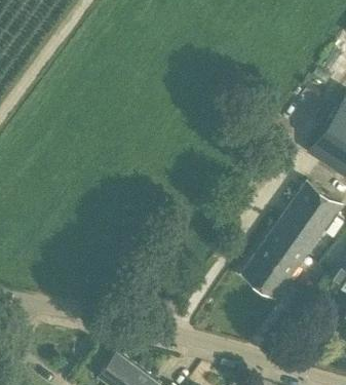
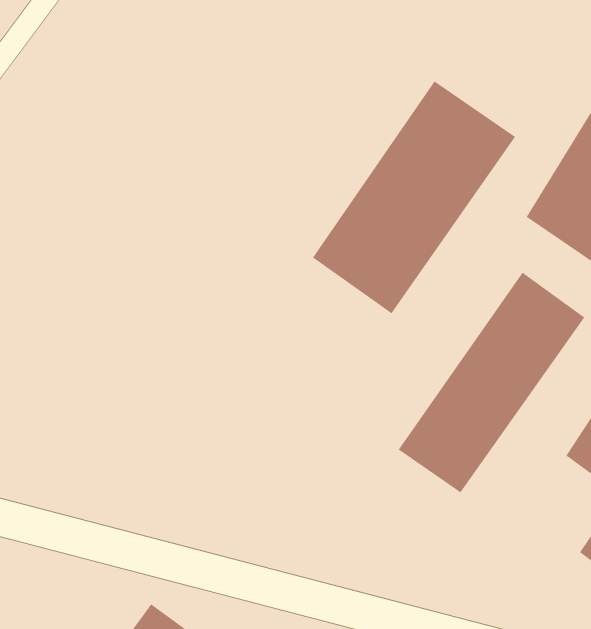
building: none -> [312,81,516,314]

